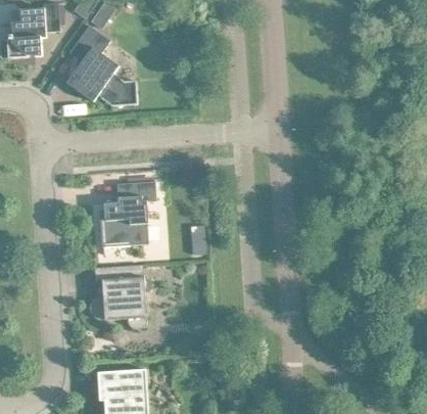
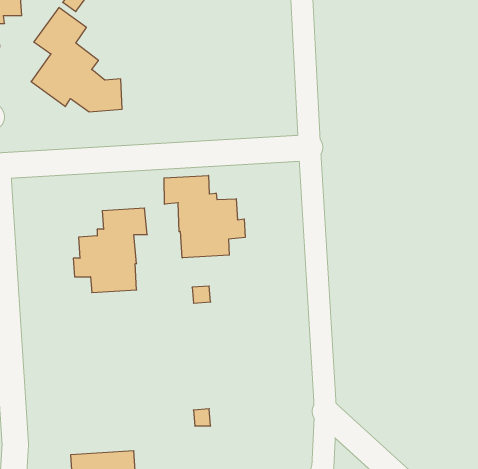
building: none -> [164,175,245,258]
building: [88,264,151,329] -> none

